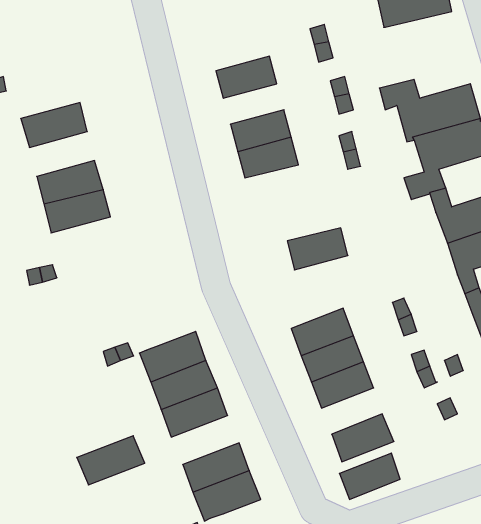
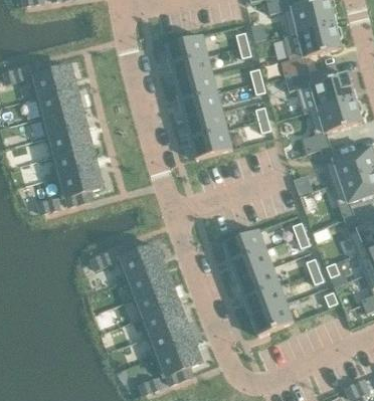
building: none -> [280,22,343,75]
building: none -> [166,34,208,63]
building: none -> [30,65,76,96]
building: none -> [176,72,218,101]
building: none -> [41,106,86,137]
building: none -> [56,165,103,197]
building: [287,228,348,270] -> [191,129,233,158]
building: [77,436,145,485] -> [140,303,187,337]
building: [339,453,400,499] -> [244,283,287,316]

